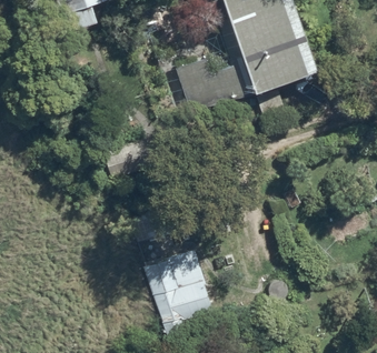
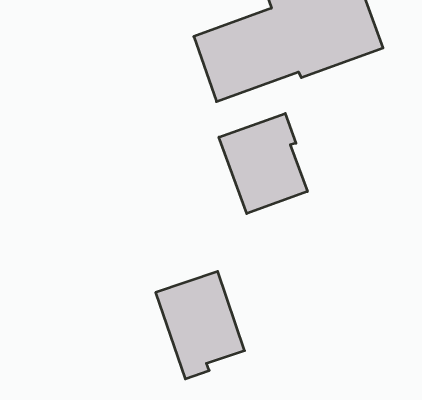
building: none -> [219,113,307,214]

